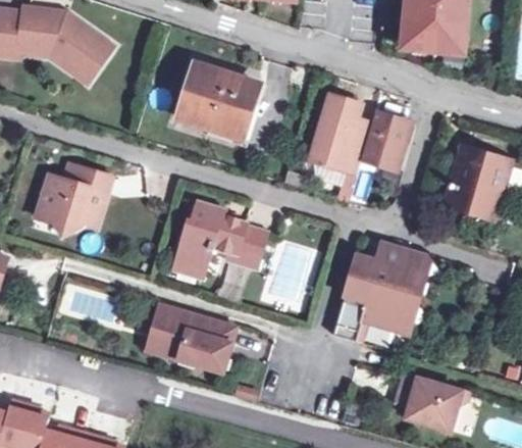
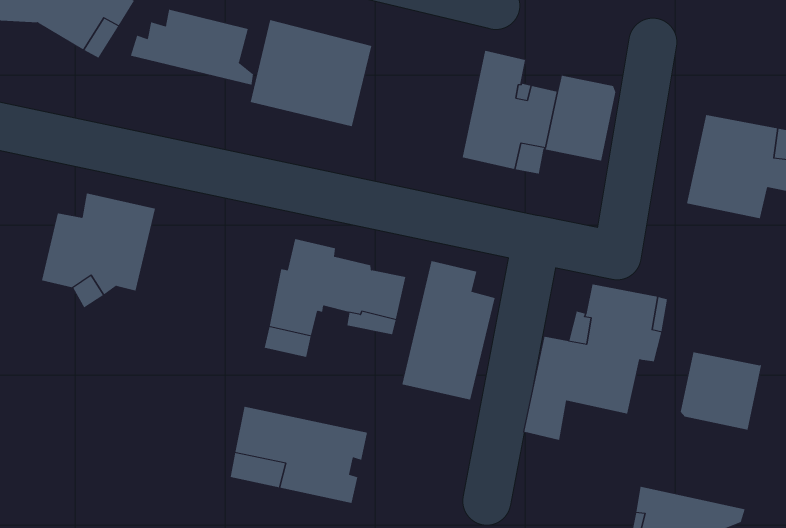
building: none -> [130,9,254,85]
building: none -> [680,351,762,431]

